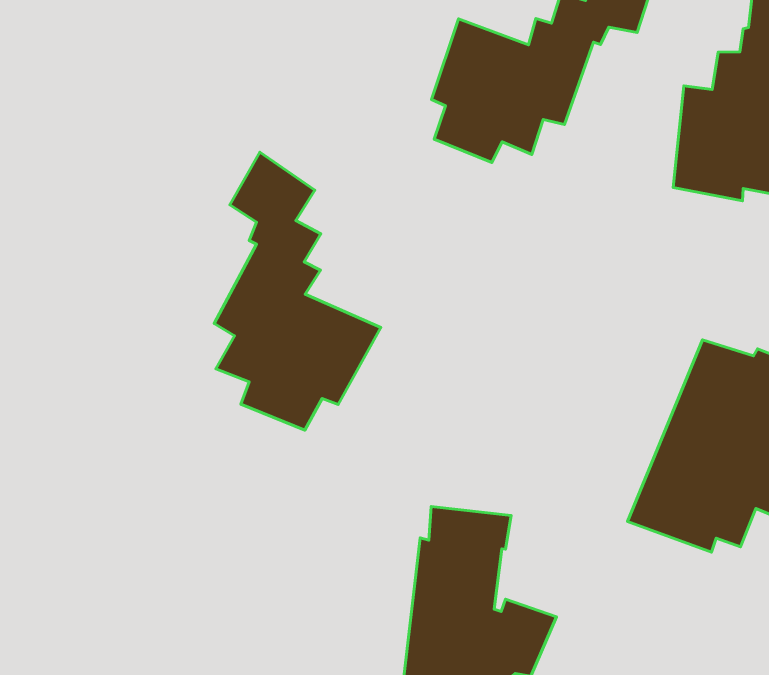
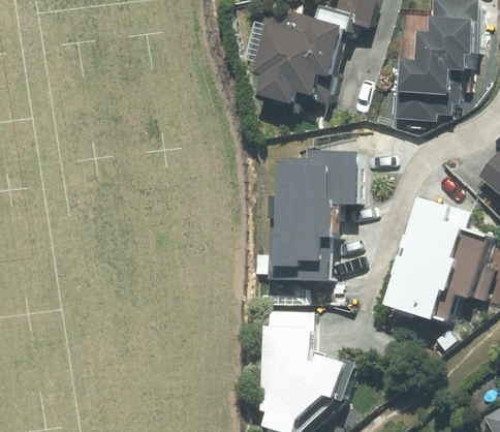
building: [214,152,381,430] -> none
building: none -> [269,151,358,281]

